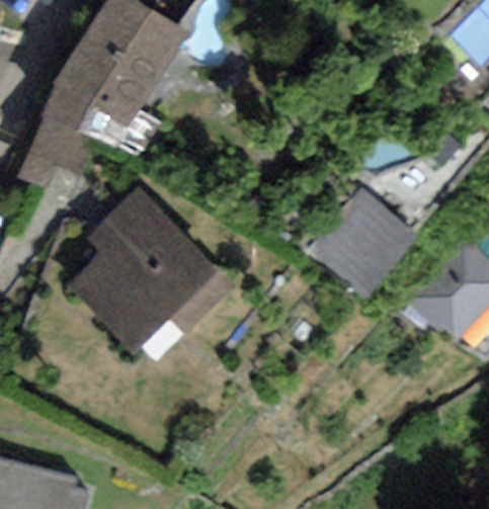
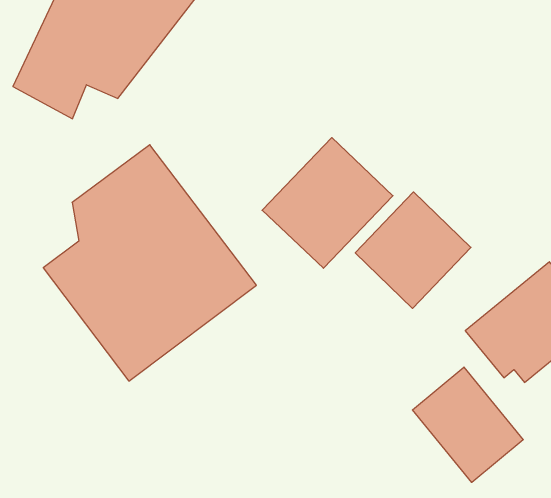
building: none -> [262,138,393,268]
building: none -> [412,367,523,482]

